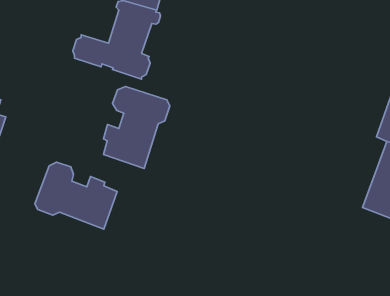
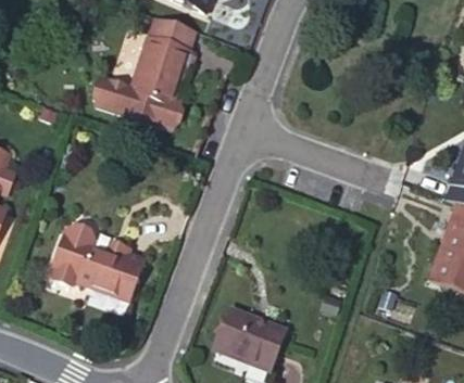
building: [103,86,170,169] -> none
building: none -> [214,305,283,368]

